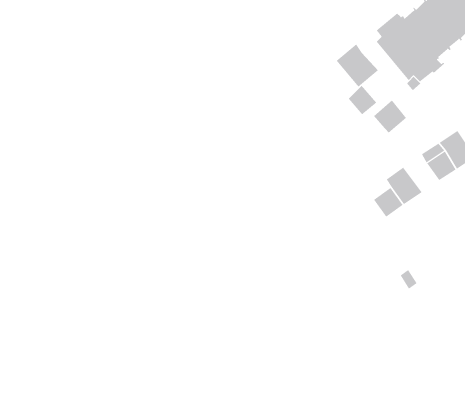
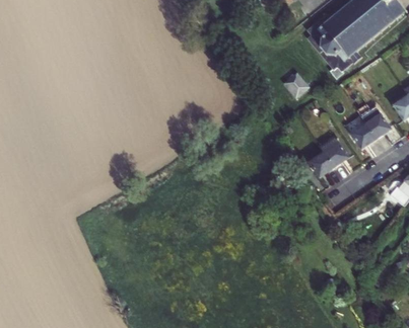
building: [336,43,379,88] -> none
building: [373,99,407,133] -> none

